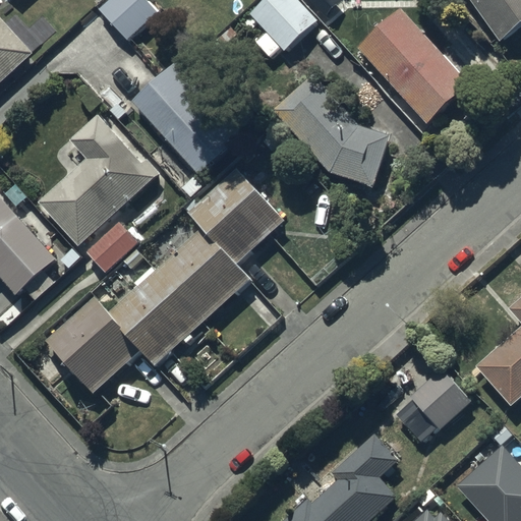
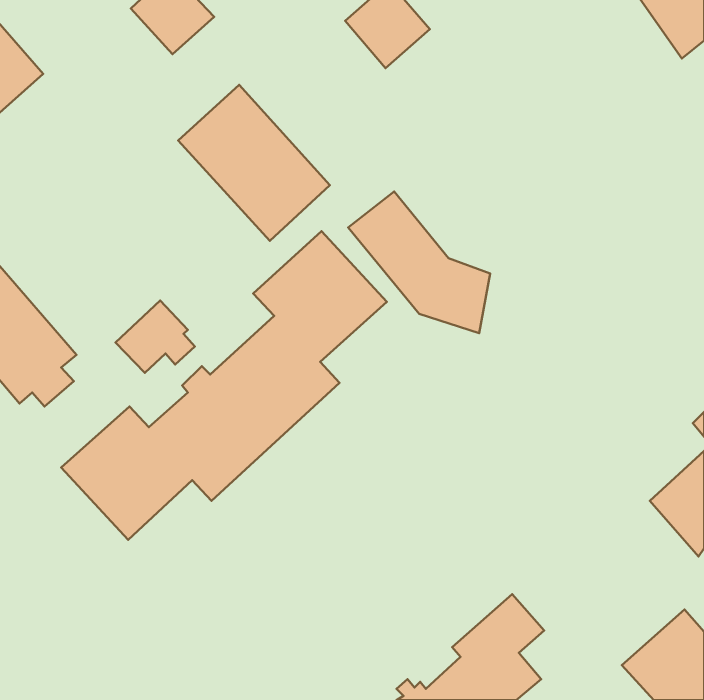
building: [355,8,469,125] -> none
building: [284,77,388,181] -> [348,191,490,333]
building: [37,115,160,247] -> none
building: [394,367,471,442] -> none

